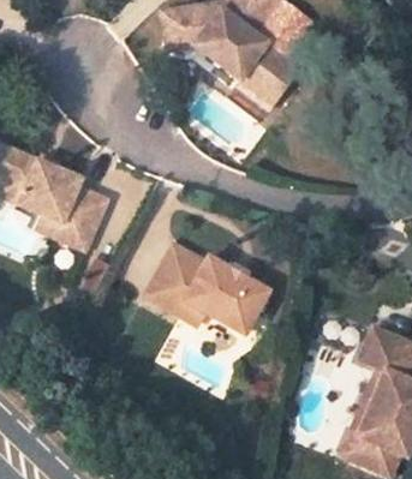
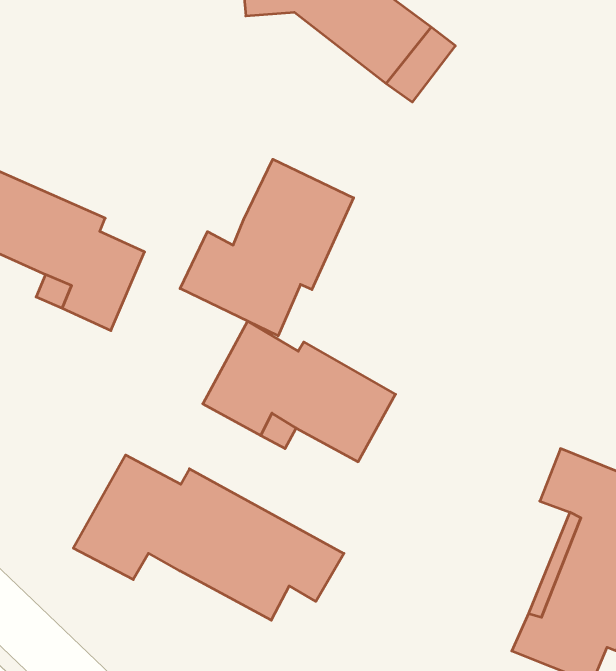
building: none -> [180,159,354,336]
building: none -> [73,455,344,620]

